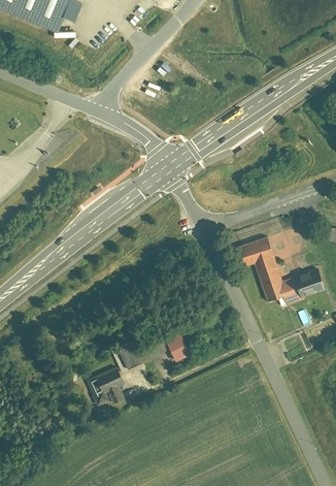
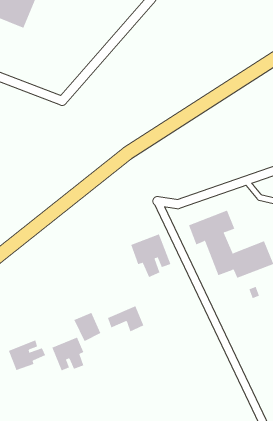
building: none -> [131,233,171,278]
building: none -> [8,340,46,371]

